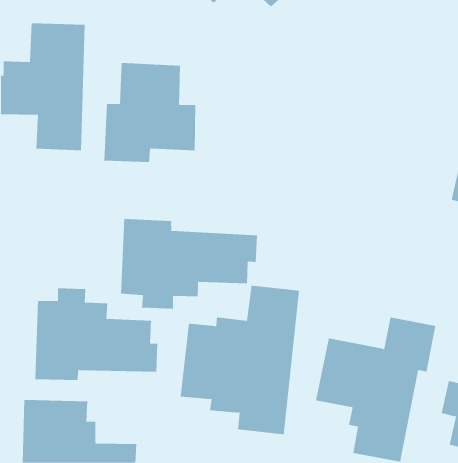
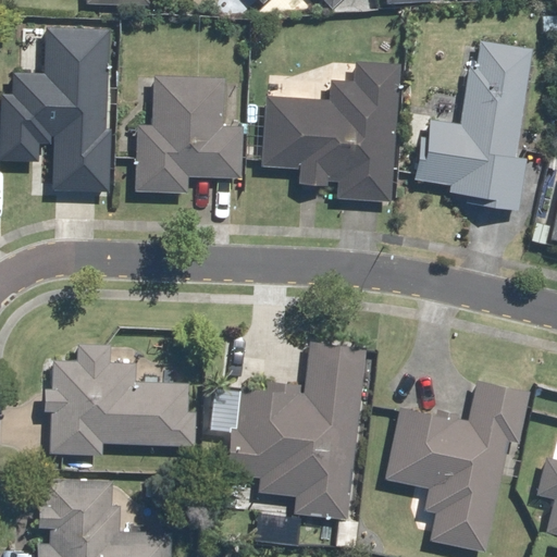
building: none -> [411,39,534,215]
building: none -> [260,60,400,202]
building: [121,218,257,310] -> none

